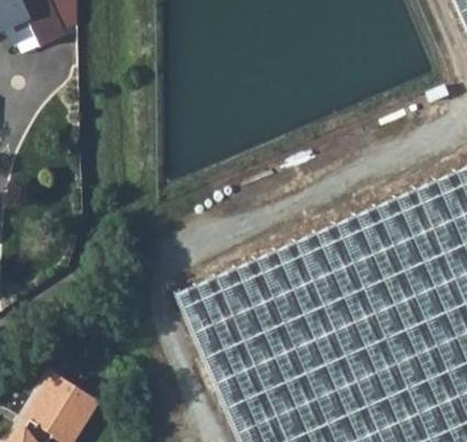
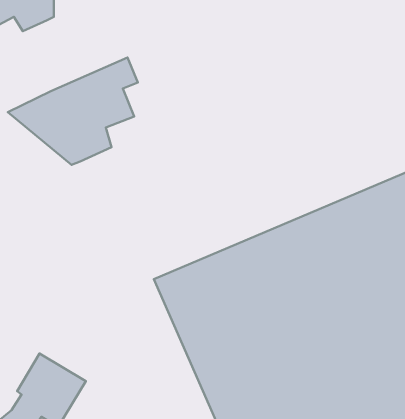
building: none -> [8,58,138,165]

